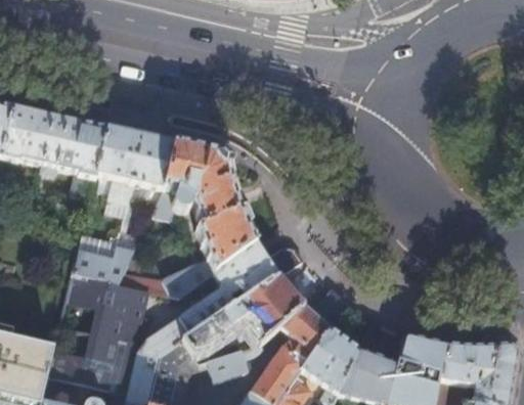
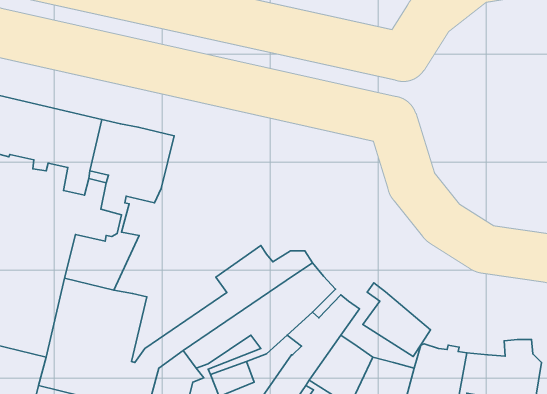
building: [135,142,255,299] -> none
building: none -> [363,283,430,356]

